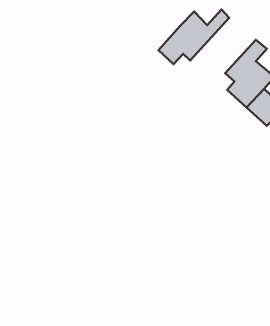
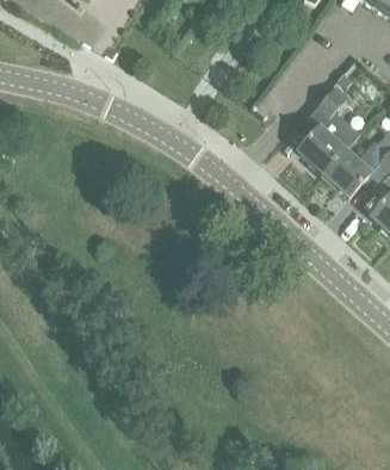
building: [159,10,229,64] -> none

